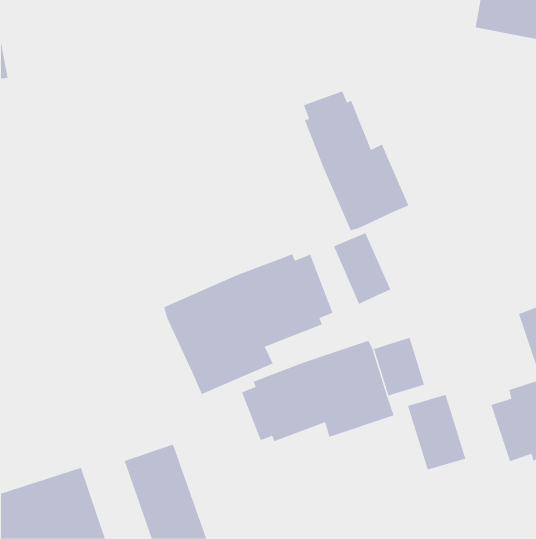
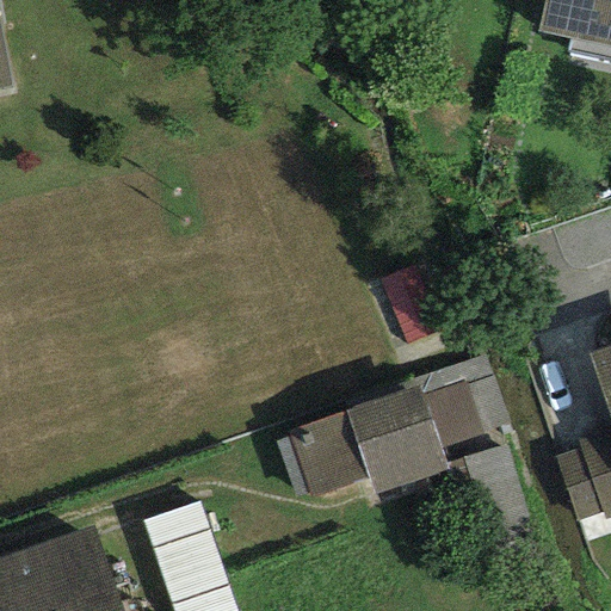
building: [303,91,409,231] -> none
building: [163,253,333,395] -> none

